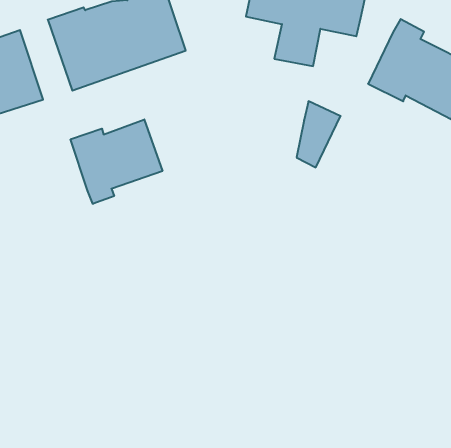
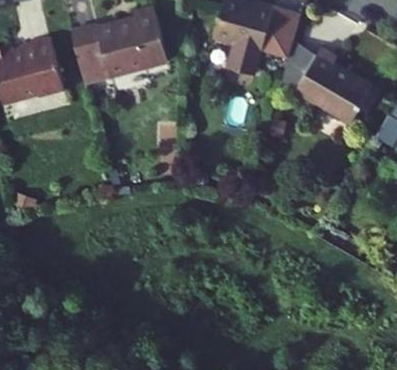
building: [297,101,341,167] -> [280,45,314,92]
building: [71,119,162,204] -> none

